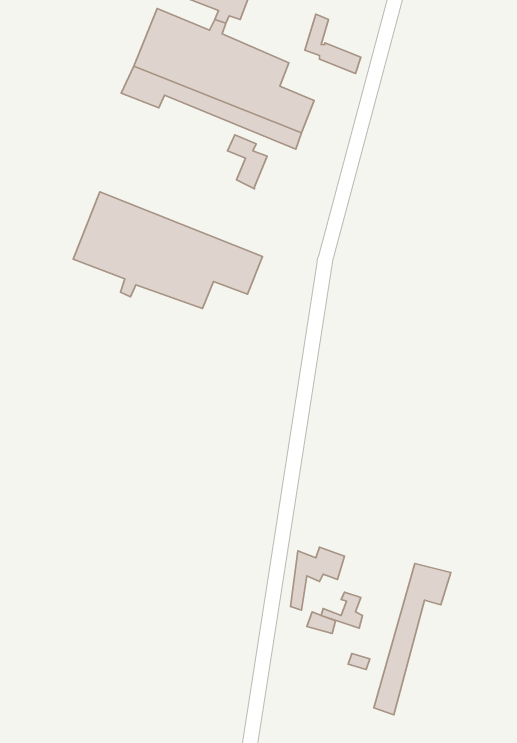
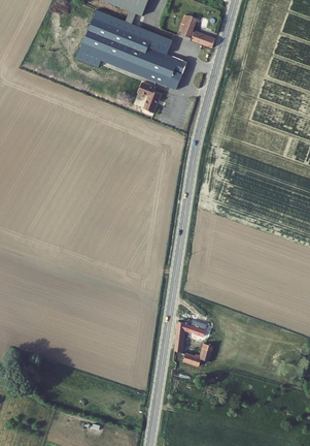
building: [73,192,263,309] -> none
building: [374,563,451,715] -> none

